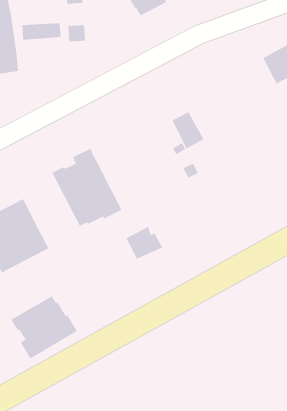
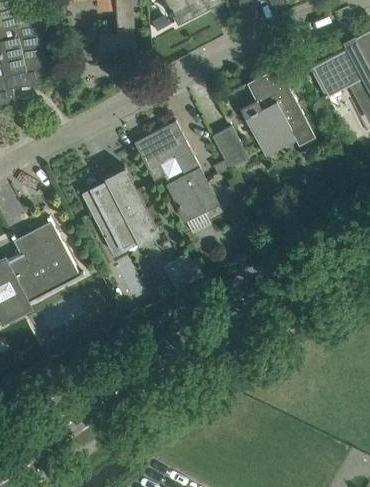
building: [22,22,61,41] -> none
building: none -> [240,67,314,149]
building: none -> [134,121,217,222]
building: [10,295,78,359] -> none

